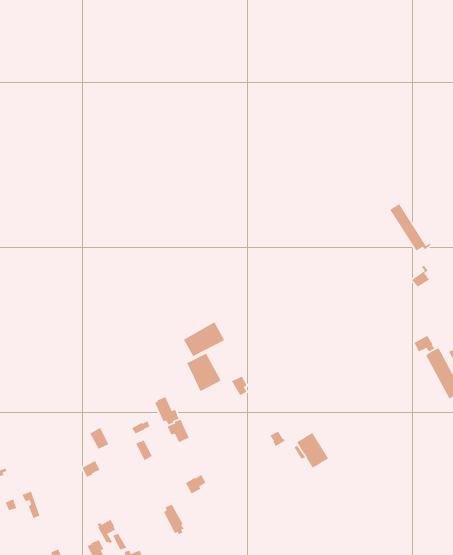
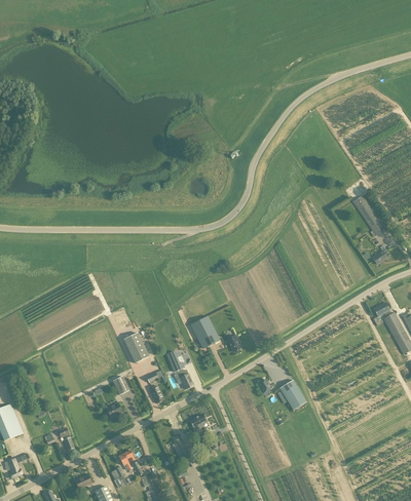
building: [183,321,225,357] -> none
building: none -> [121,332,147,361]

